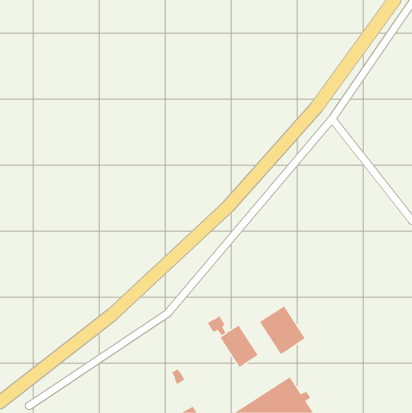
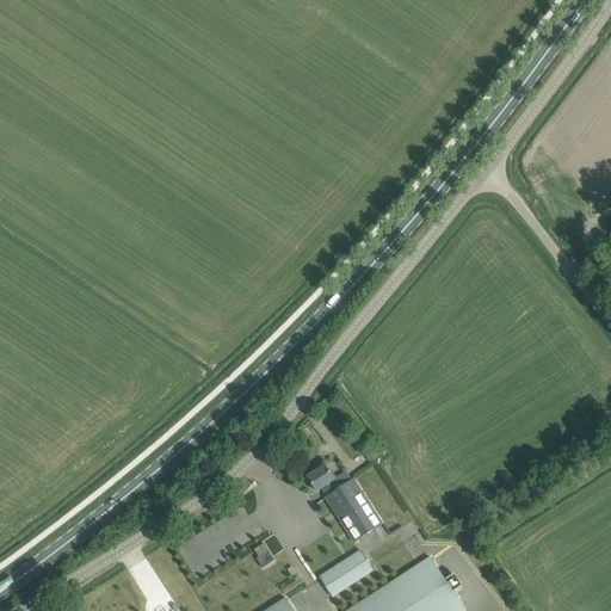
building: [259,306,306,355] -> none
building: none -> [319,551,372,598]

